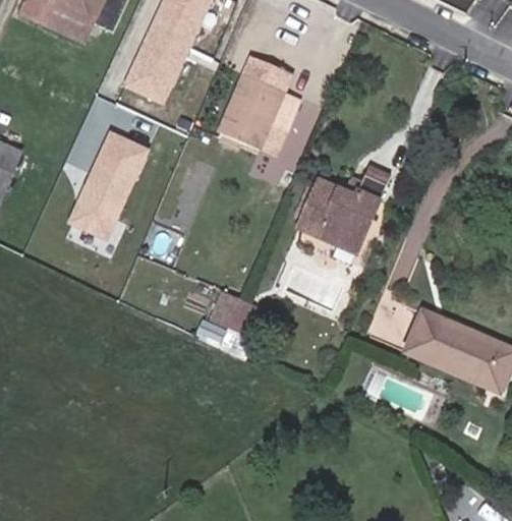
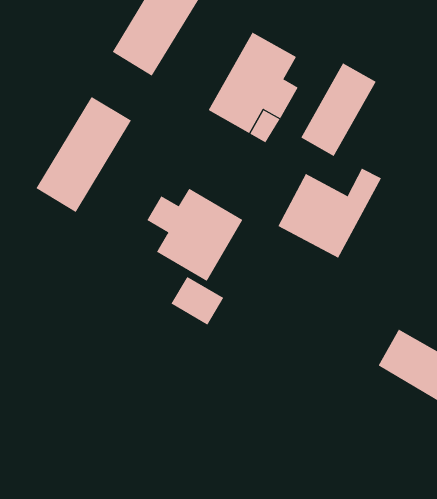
building: none -> [300,62,376,157]
building: none -> [147,188,243,282]

